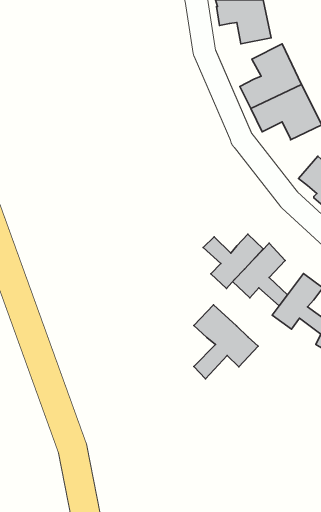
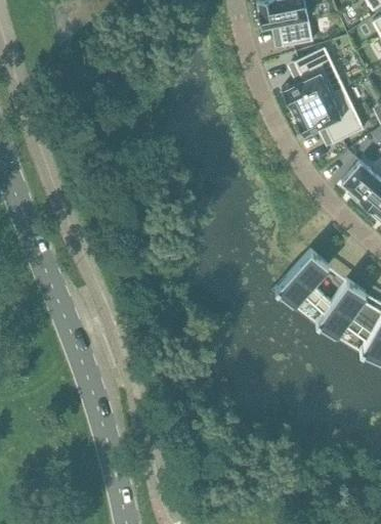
building: [203,234,263,289] -> none
building: [194,305,258,379] -> none

